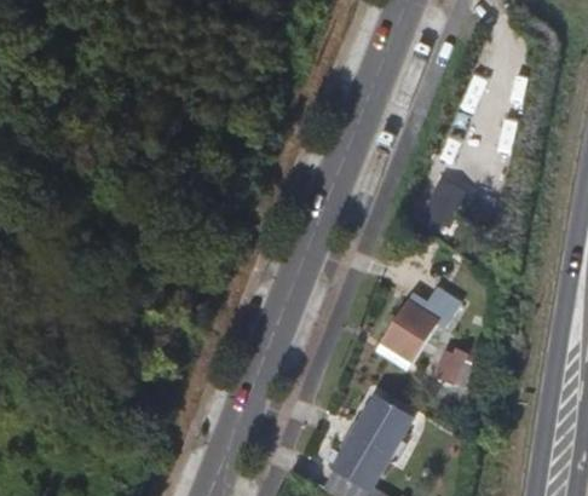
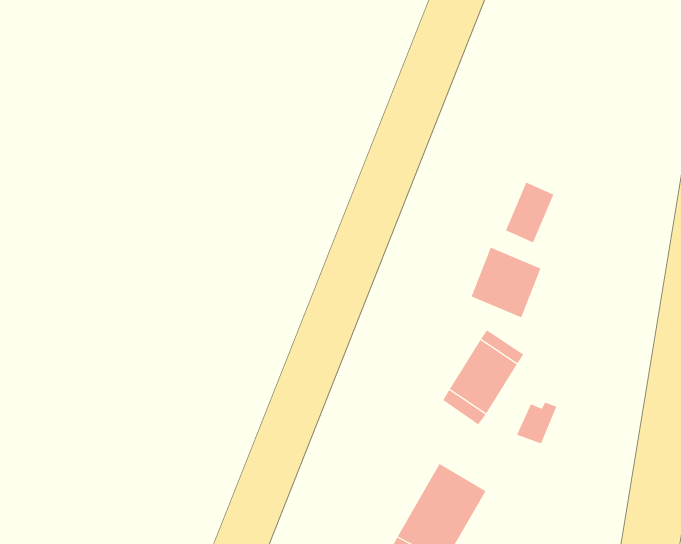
building: none -> [471,247,541,318]

